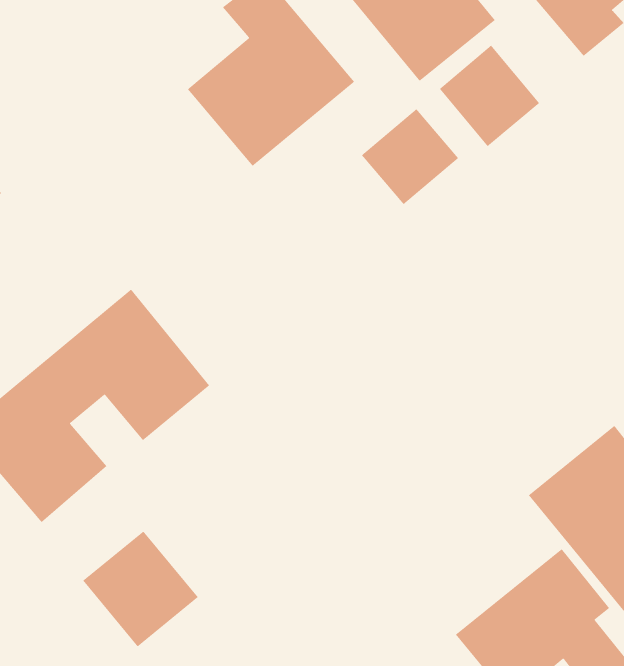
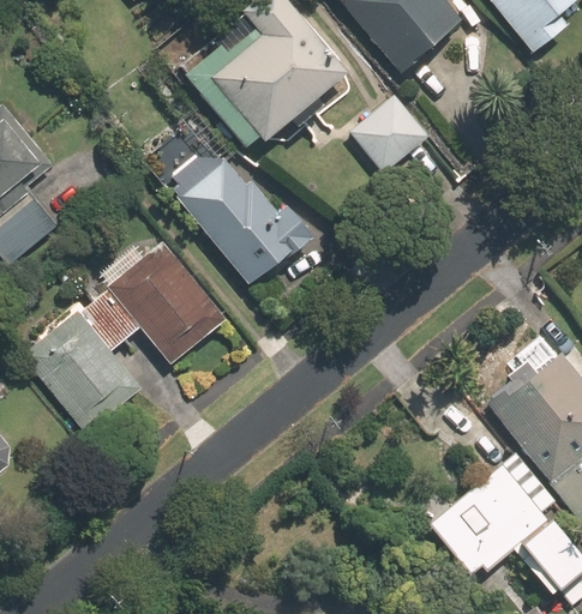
building: [439,45,540,147] -> none
building: none -> [169,149,311,284]
building: [82,530,199,647] -> none

